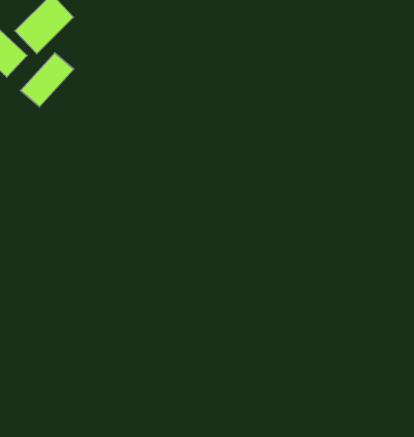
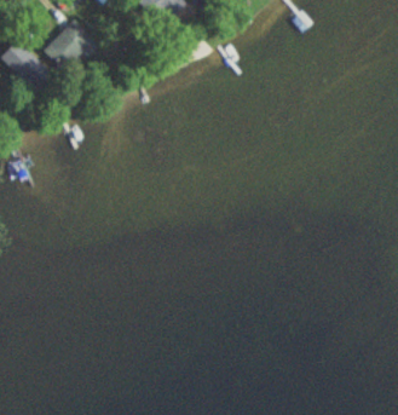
building: [20,53,74,107] -> none

